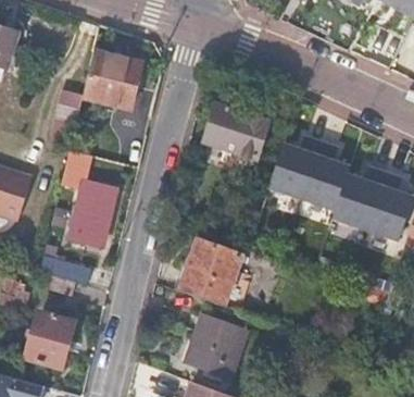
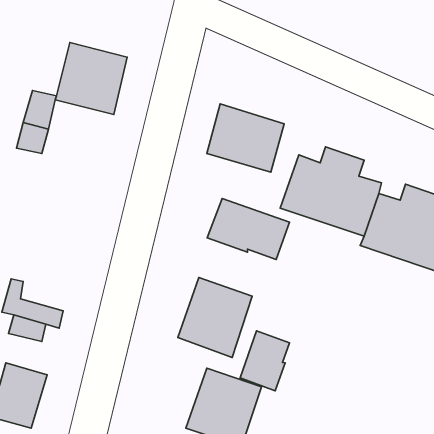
building: [62,148,116,246] -> none
building: none -> [207,199,289,259]
building: none -> [240,331,290,391]

